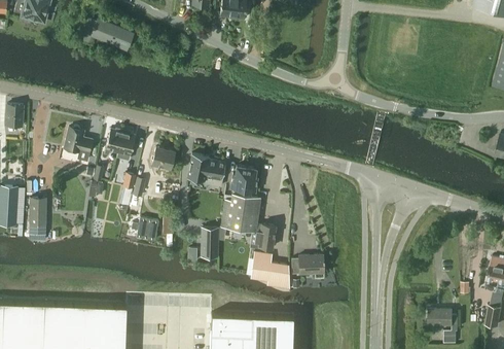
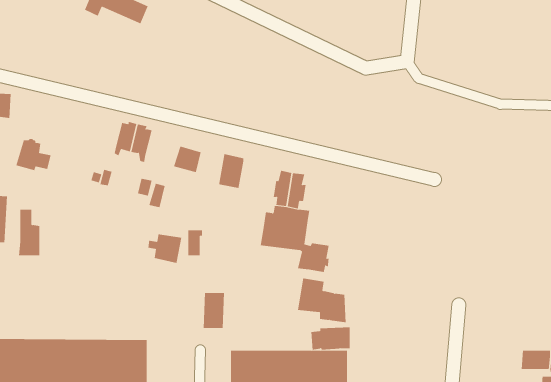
building: [63,128,92,153] -> [15,138,52,171]
building: [204,161,225,188] -> none
building: [201,230,218,258] -> [203,292,225,329]
building: [291,256,323,275] -> [310,327,350,350]

